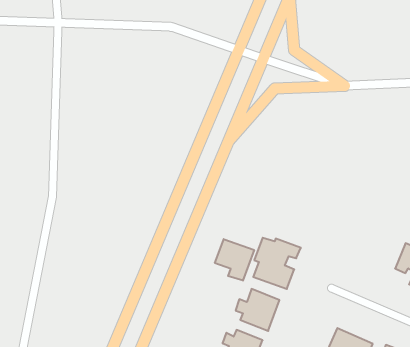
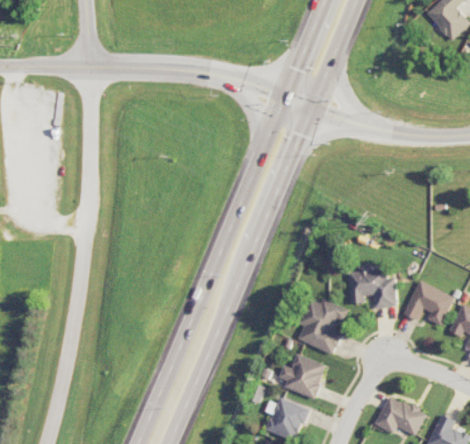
building: none -> [347,265,396,308]
building: none -> [403,281,453,325]
building: [215,239,254,281] -> none

